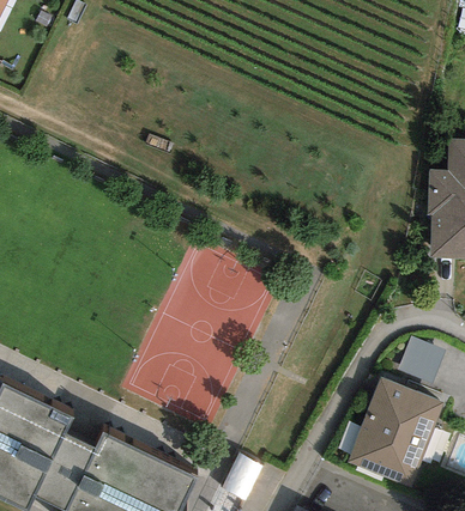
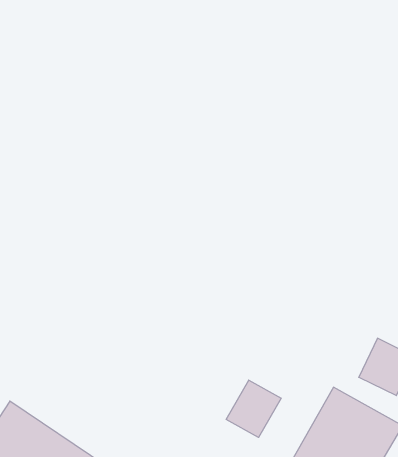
building: none -> [226,380,281,437]

